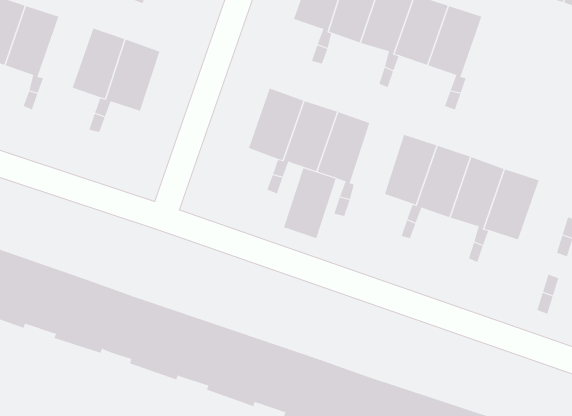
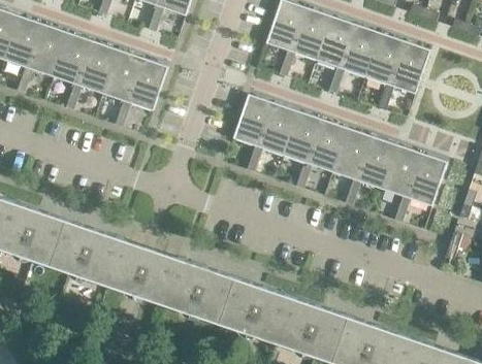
building: none -> [77,41,118,94]
building: none -> [389,41,430,95]
building: [283,167,336,239] -> [308,120,347,172]

